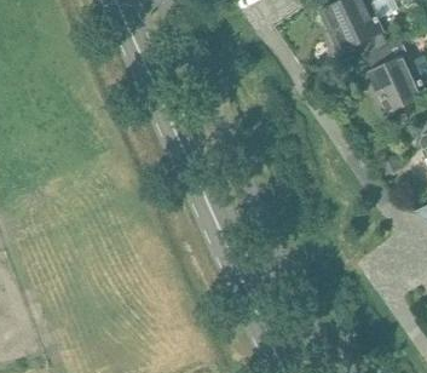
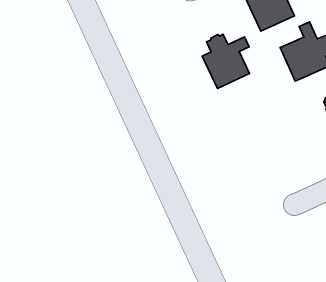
building: none -> [202,34,250,88]

